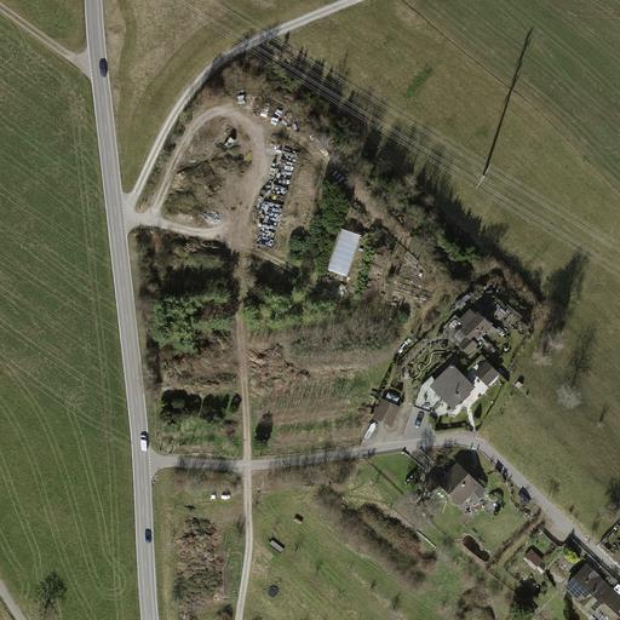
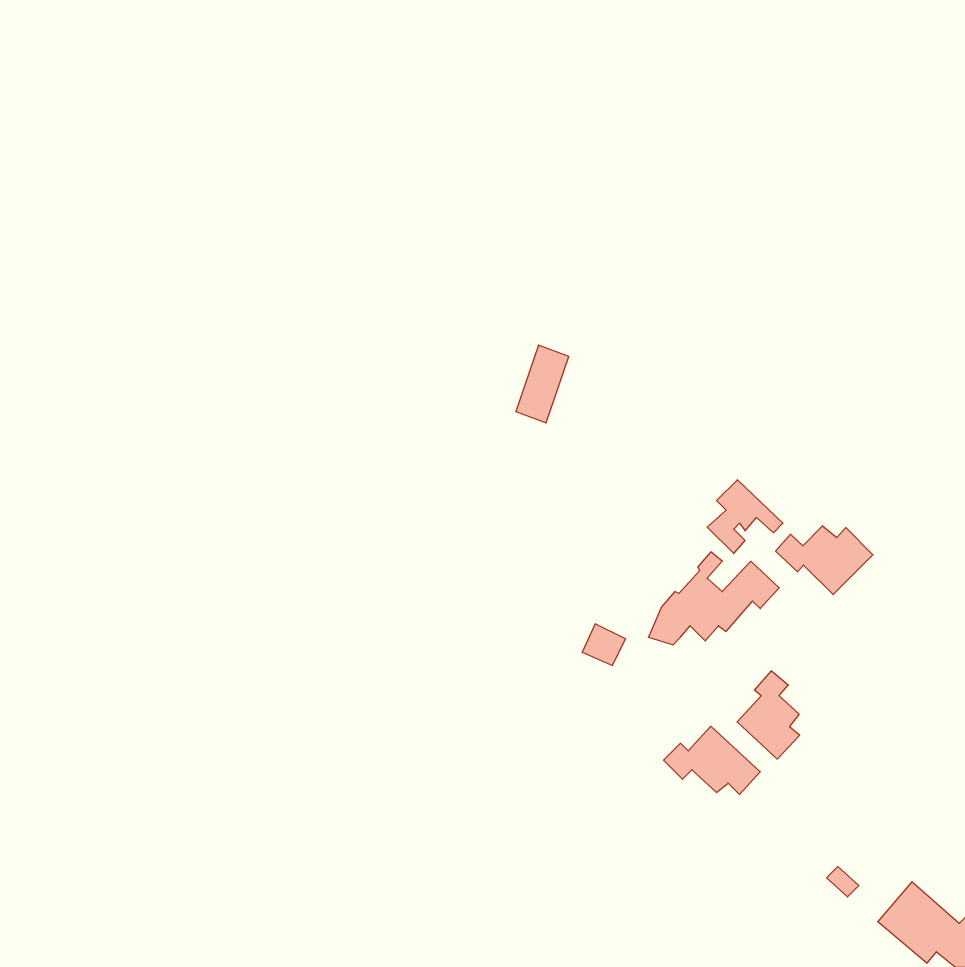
building: none -> [776,526,873,595]
building: none -> [737,671,800,759]

